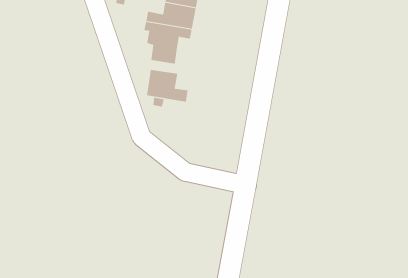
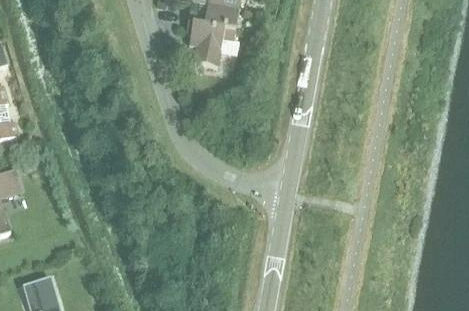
building: [146,69,188,103] -> none

